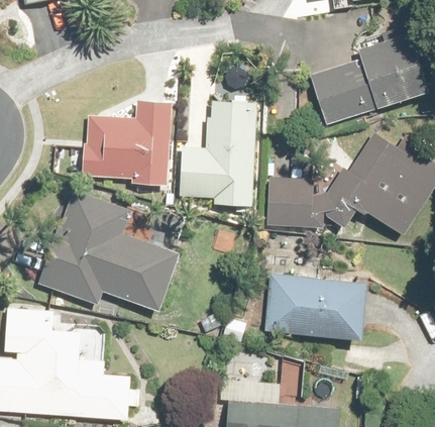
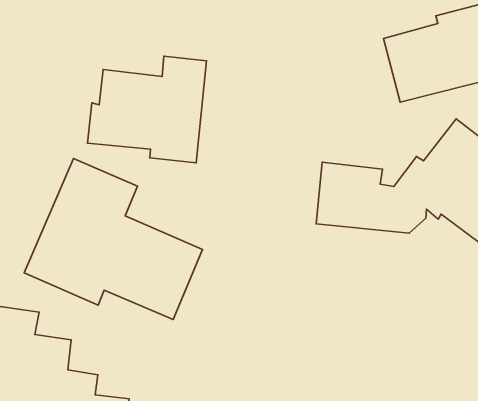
building: [180,100,257,206] -> none
building: [265,277,369,338] -> none

